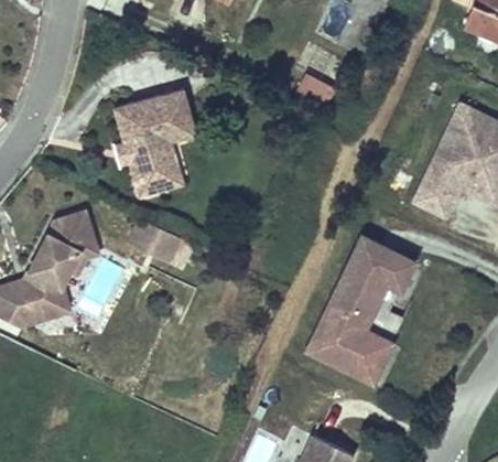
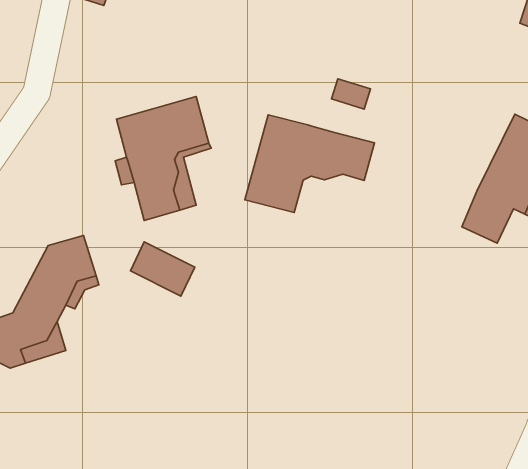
building: none -> [245,115,375,213]
building: [306,243,423,386] -> none

